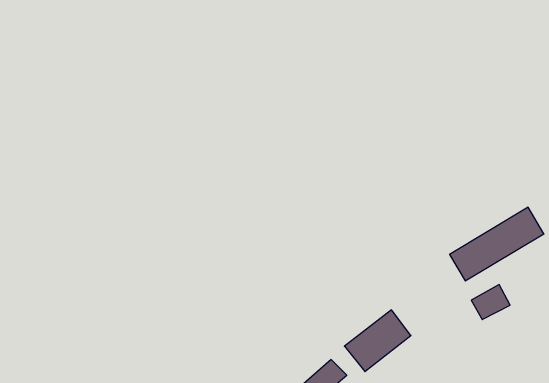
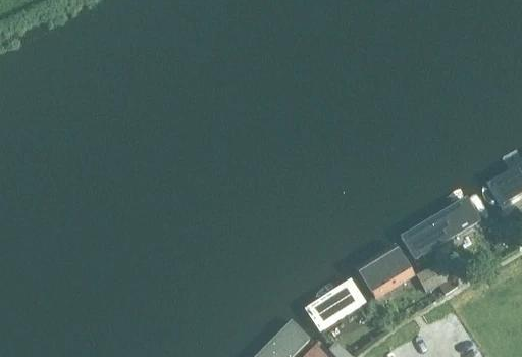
building: none -> [356,241,413,296]

